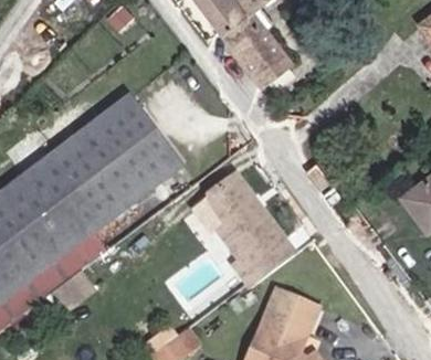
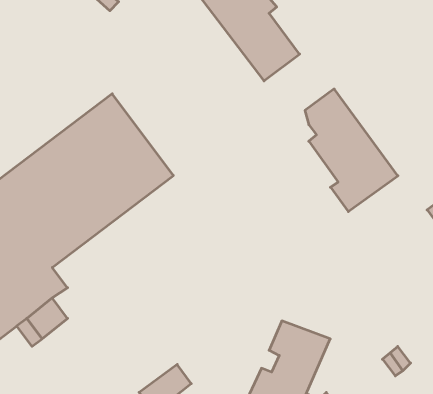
building: [212,181,293,287] -> [305,89,398,212]

